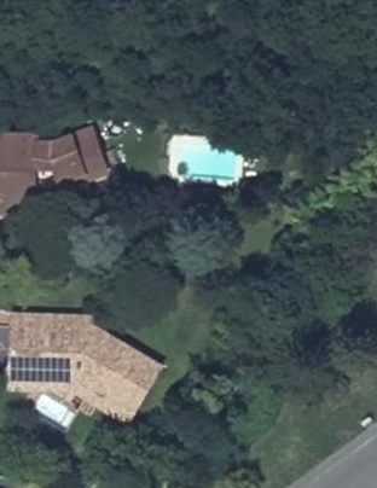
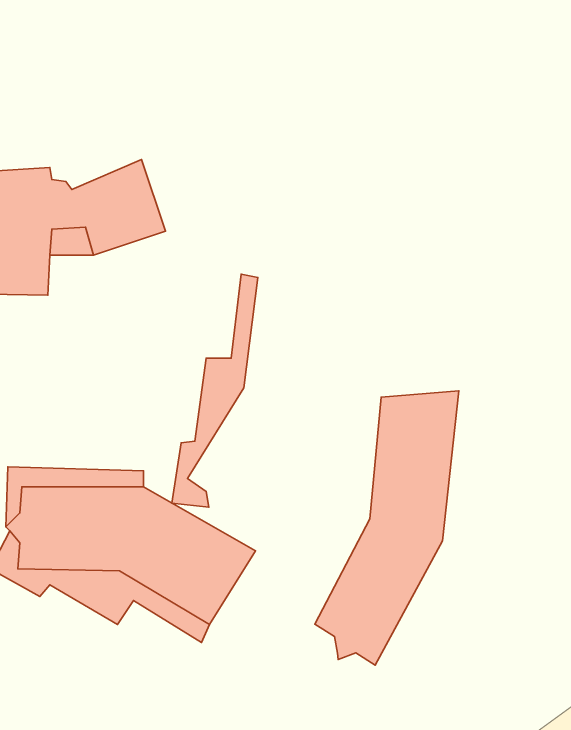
building: none -> [172,274,258,507]
building: none -> [315,391,459,665]

